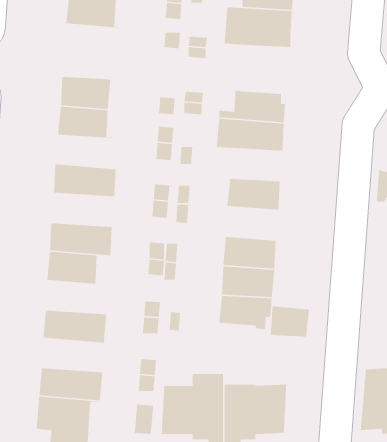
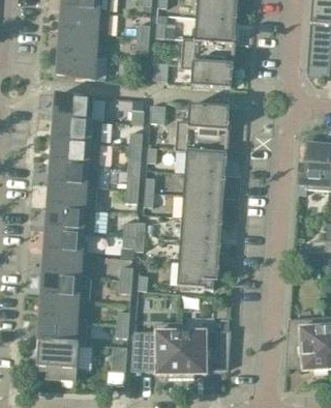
building: none -> [57,53,107,80]
building: none -> [191,69,233,88]
building: none -> [51,139,100,165]
building: none -> [175,148,227,174]
building: none -> [48,183,97,209]
building: none -> [182,194,223,220]
building: none -> [43,251,91,276]
building: [270,306,310,338] -> none
building: none -> [40,295,89,321]

